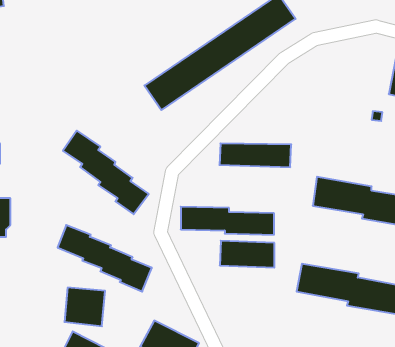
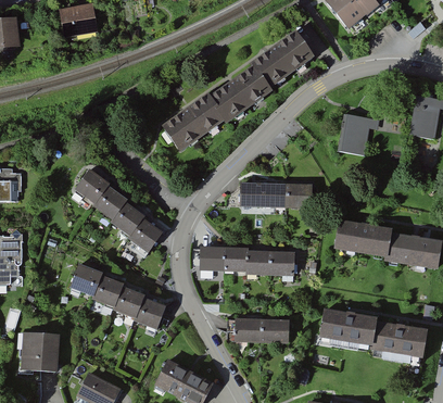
building: none -> [337,115,369,155]
building: [220,241,274,268] -> [231,317,287,344]
building: [64,288,105,326] -> [21,335,62,374]

